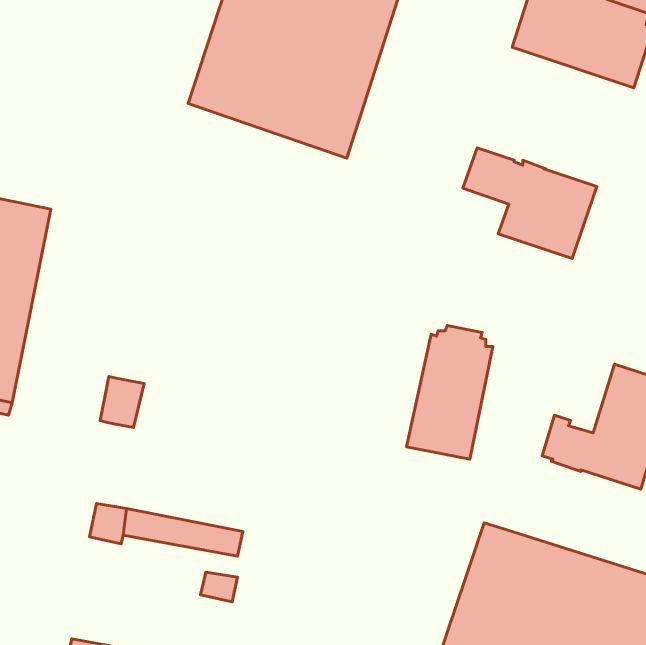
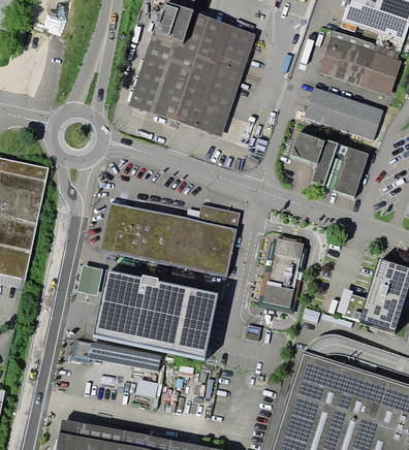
building: none -> [304,87,384,140]
building: none -> [99,201,241,276]
building: none -> [93,269,218,358]

